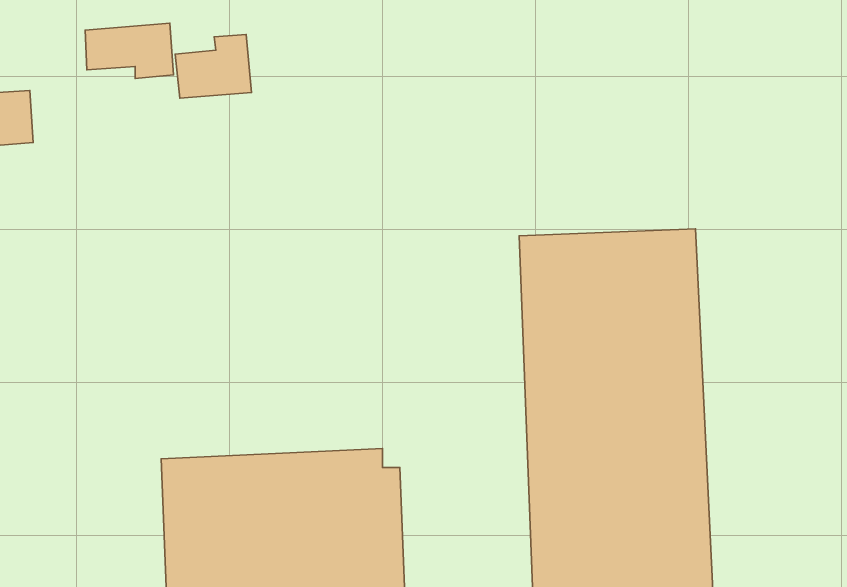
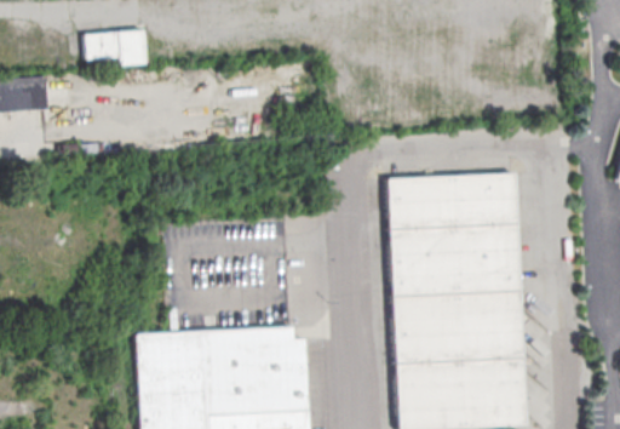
building: [175,35,252,98] -> none

